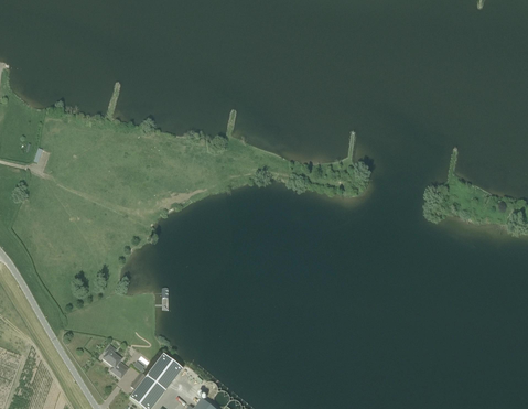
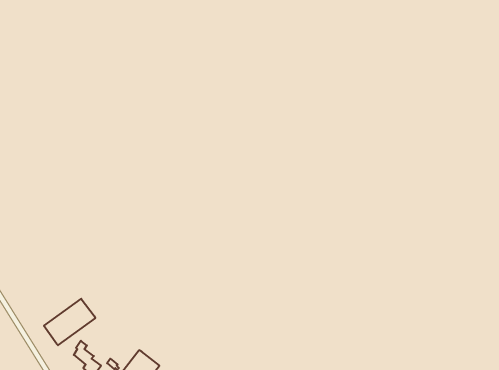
building: none -> [44,299,95,345]

